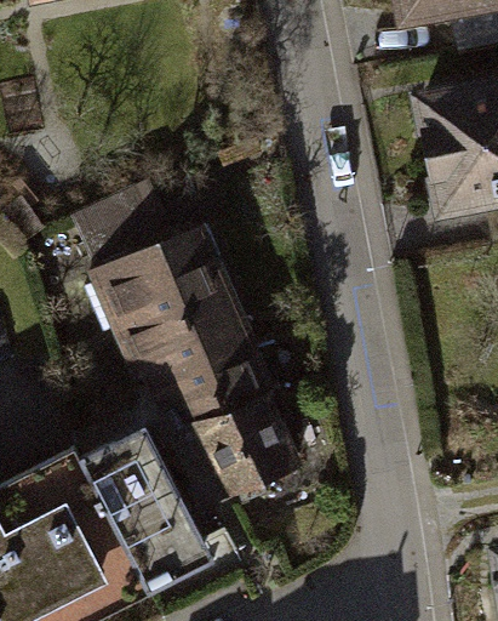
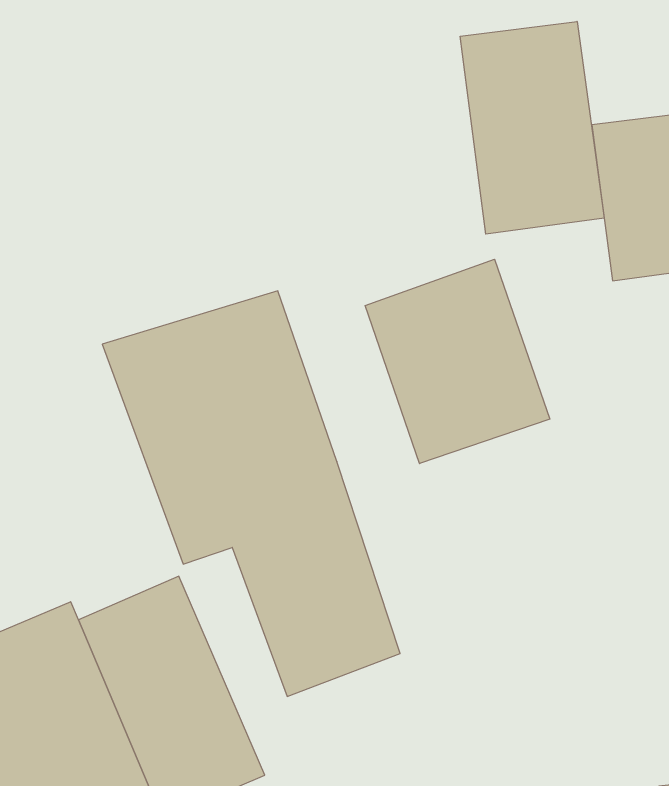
building: none -> [460,21,604,234]
building: none -> [365,259,550,464]

